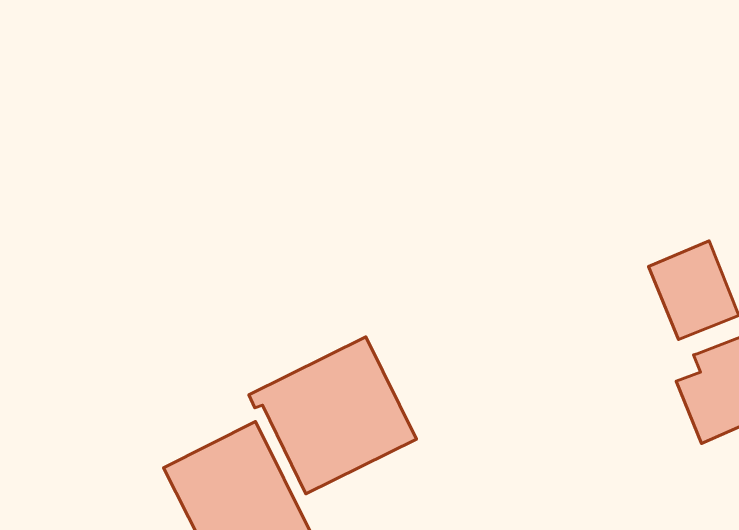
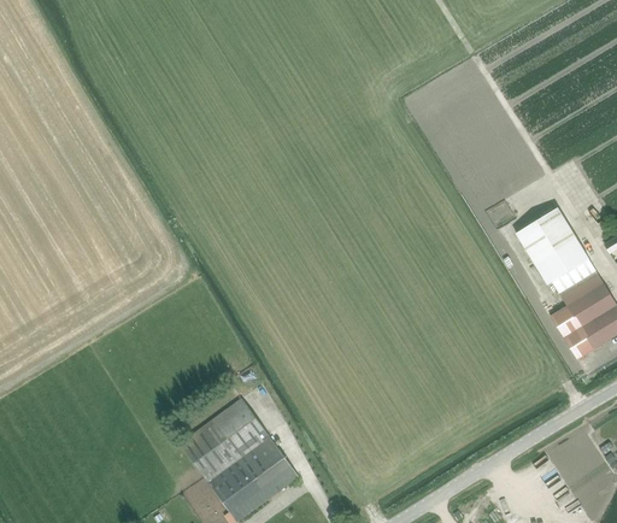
building: [249,337,417,494] -> none

